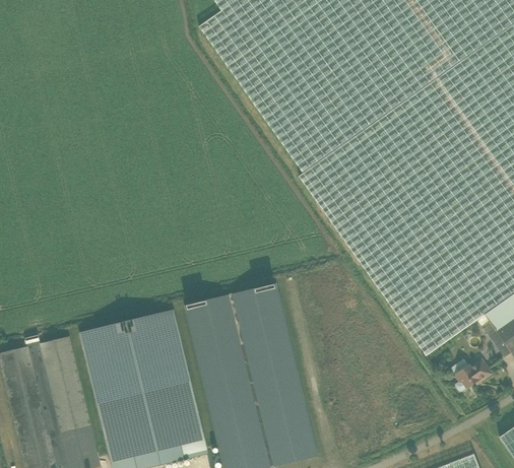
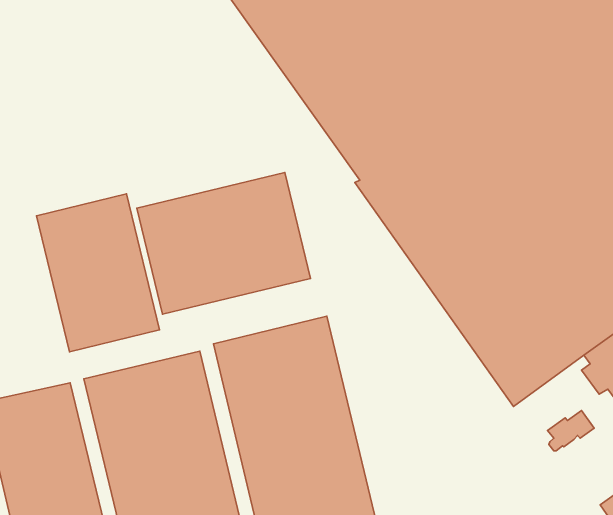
building: none -> [137,173,310,314]
building: none -> [37,194,159,352]

